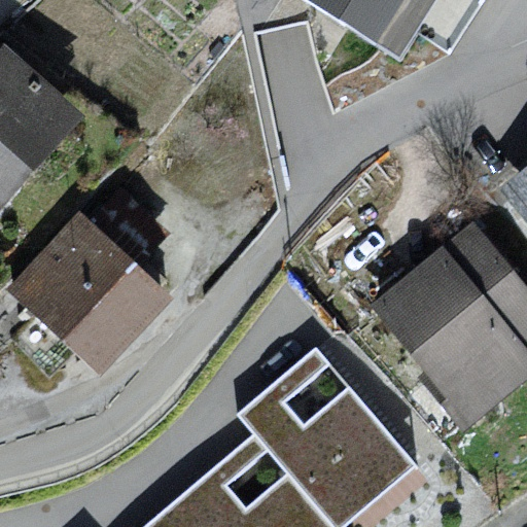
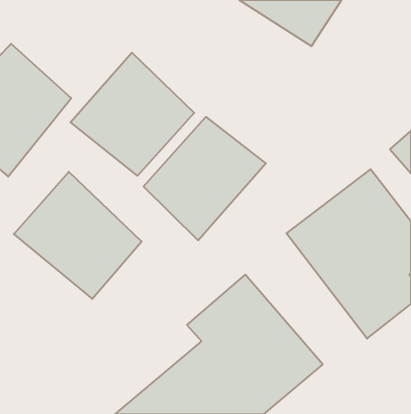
building: none -> [70,53,194,176]
building: none -> [144,117,266,240]

